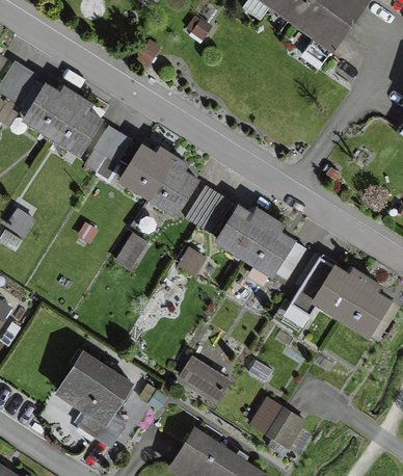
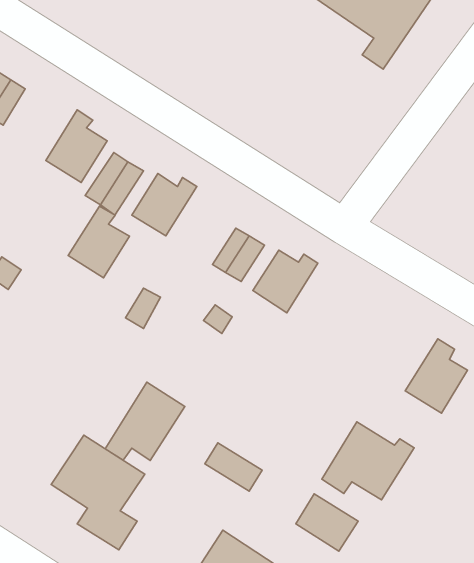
building: [26,84,78,134] -> none
building: [149,155,197,212] -> [68,206,129,278]
building: [245,216,294,273] -> none
building: [292,256,366,318] -> [322,422,414,500]
building: none -> [105,382,185,461]

